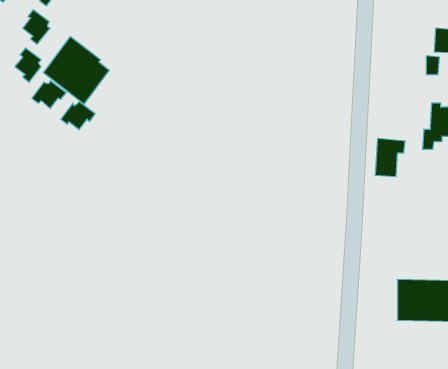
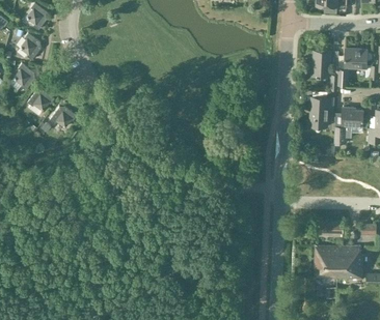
building: none -> [314,51,331,76]
building: [43,37,109,104] -> none
building: [375,138,405,177] -> [310,96,334,126]

